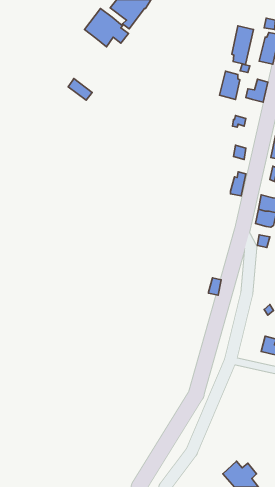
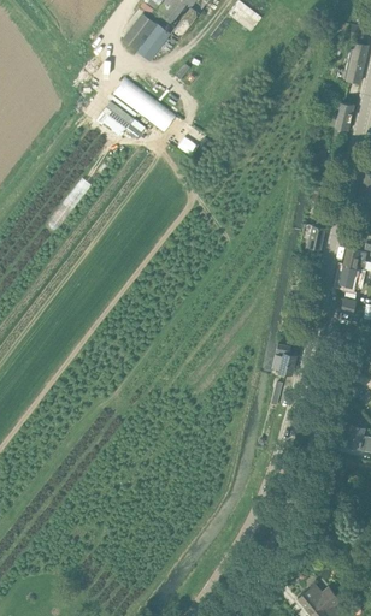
building: [232,26,253,65] -> none
building: none -> [113,77,176,131]
building: [219,71,240,99] -> none

